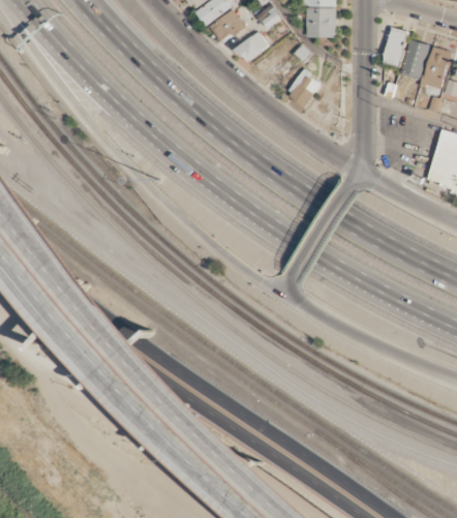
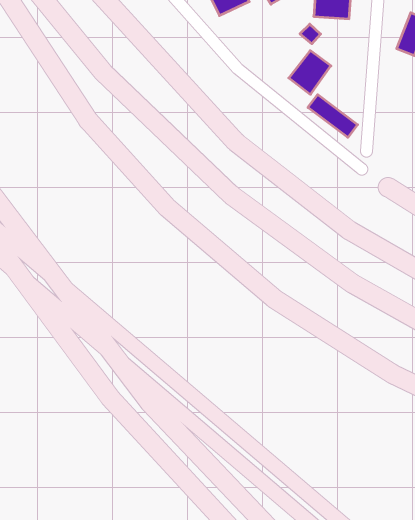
building: [235,30,270,63] -> none
building: none -> [308,95,358,137]

